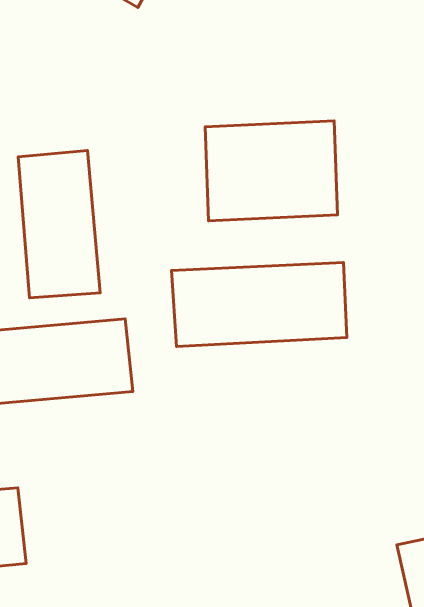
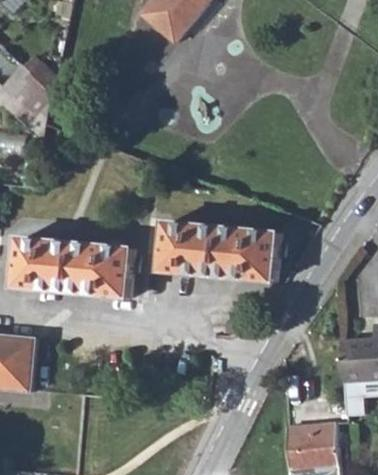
building: [205,121,338,221] -> none
building: [18,151,100,298] -> none

